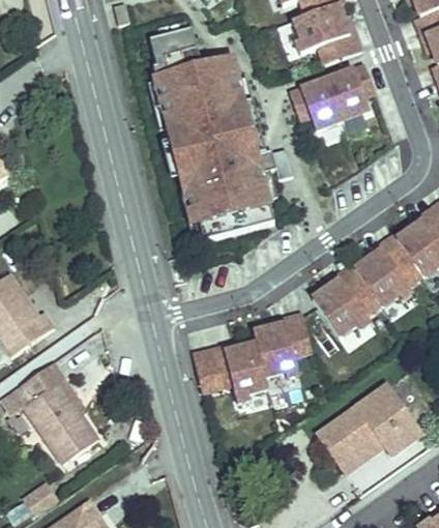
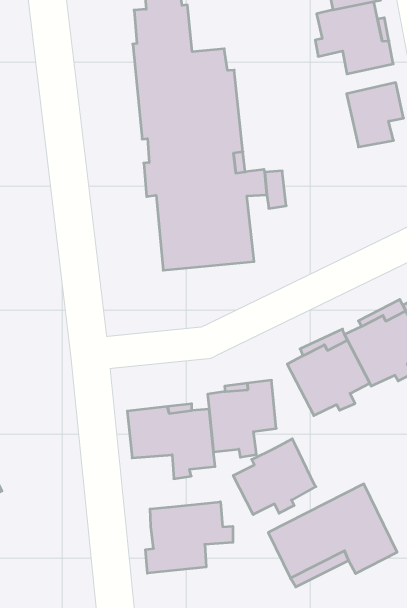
building: [289,81,342,131] -> none
building: none -> [233,439,316,515]
building: none -> [146,502,233,573]

